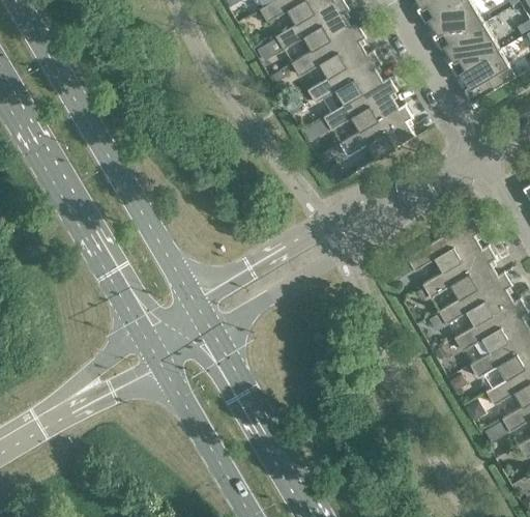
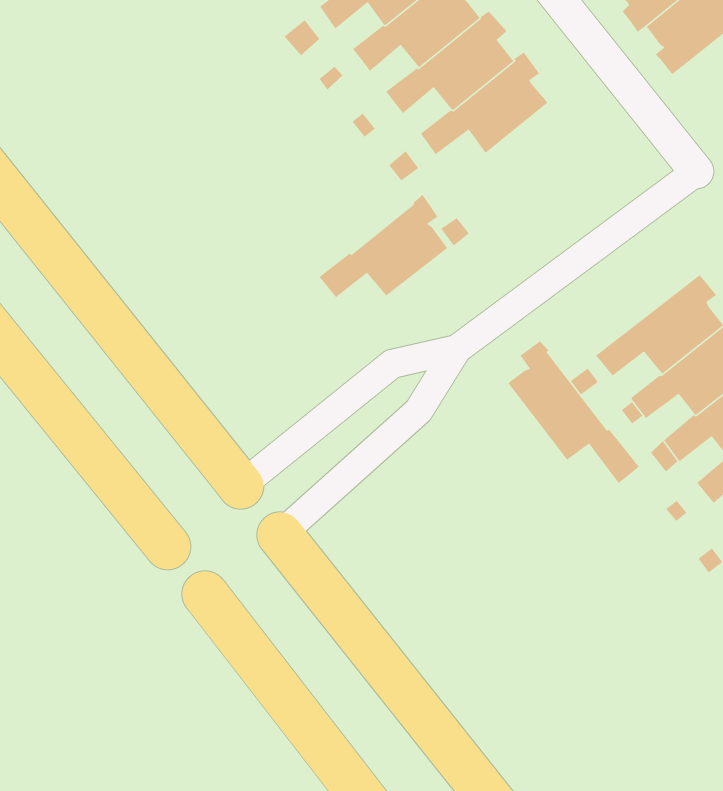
building: [337,103,414,159] -> [318,194,448,298]
building: none -> [508,340,640,484]

